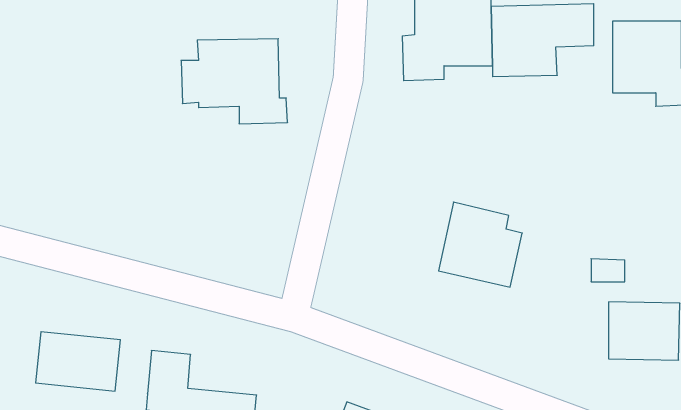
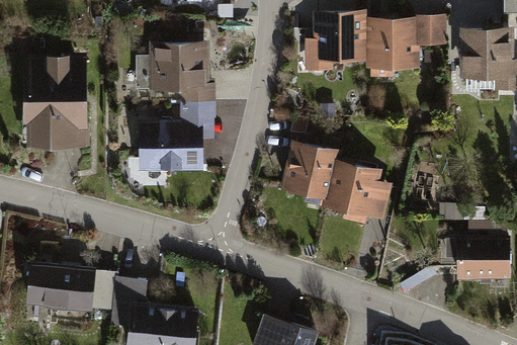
building: none -> [23,53,91,151]
building: none -> [142,103,217,174]
building: none -> [280,142,344,214]
building: none -> [87,266,114,307]

